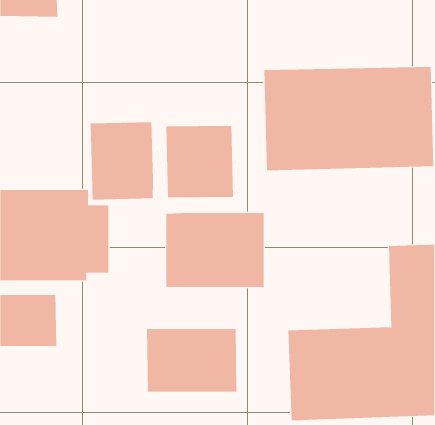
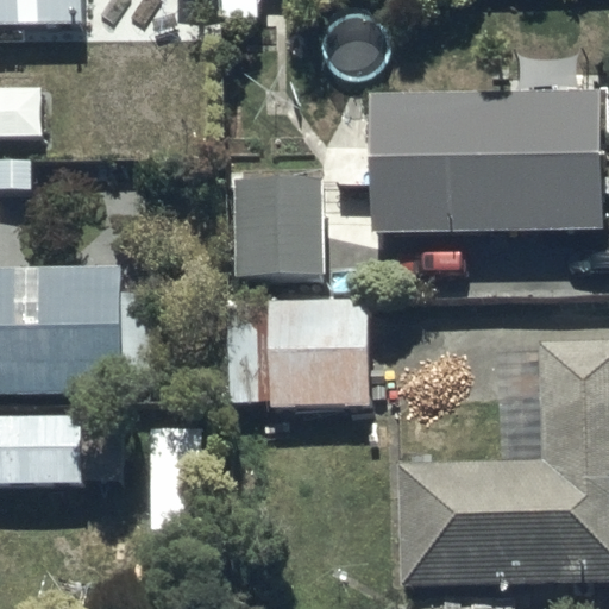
building: [90,122,153,200] -> none
building: [147,328,237,393] -> none

